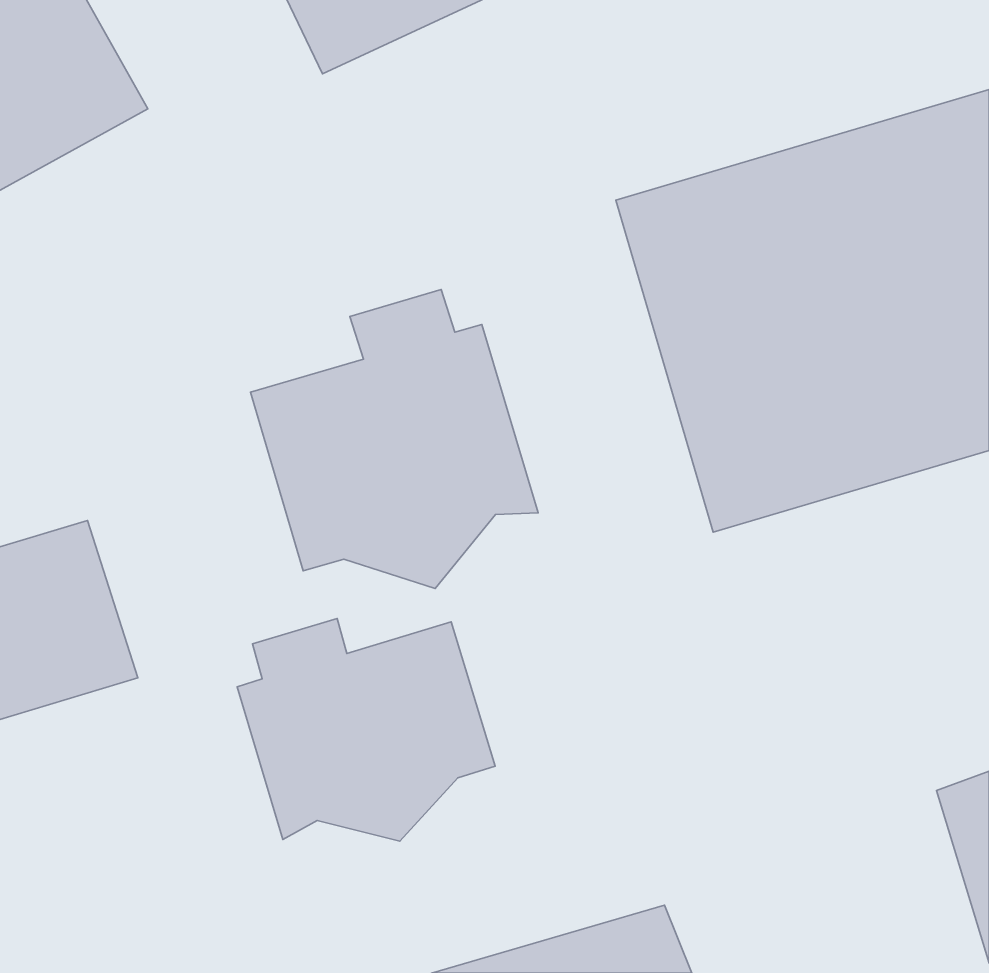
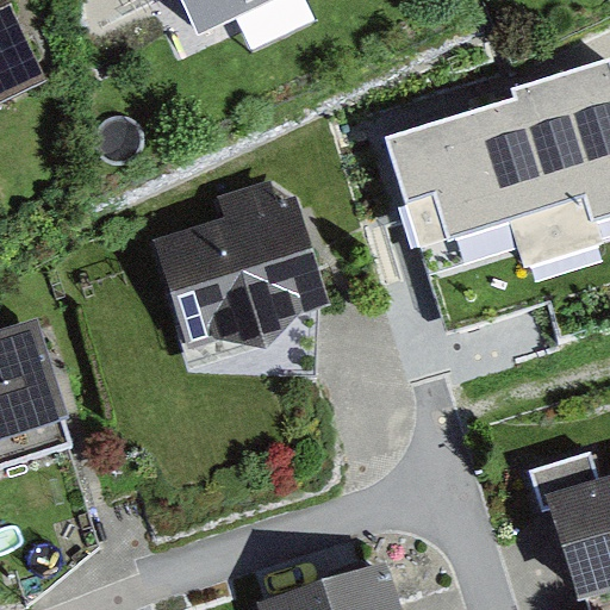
building: [237,619,495,841] -> none

